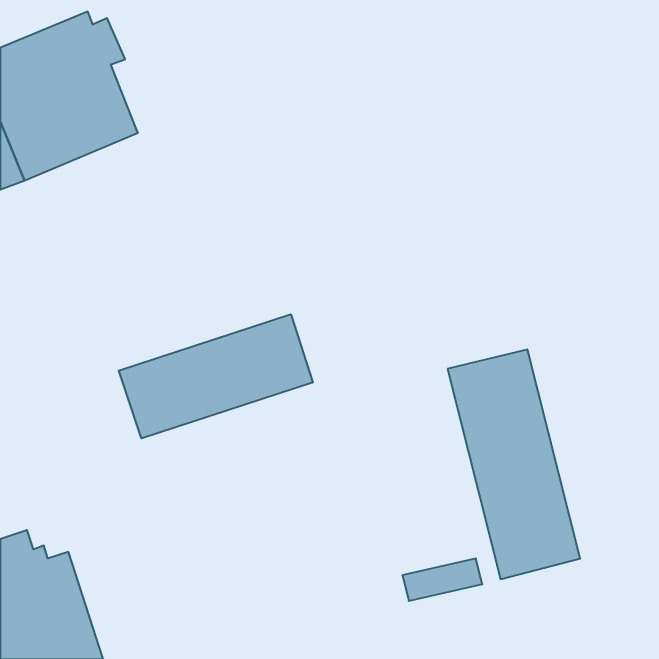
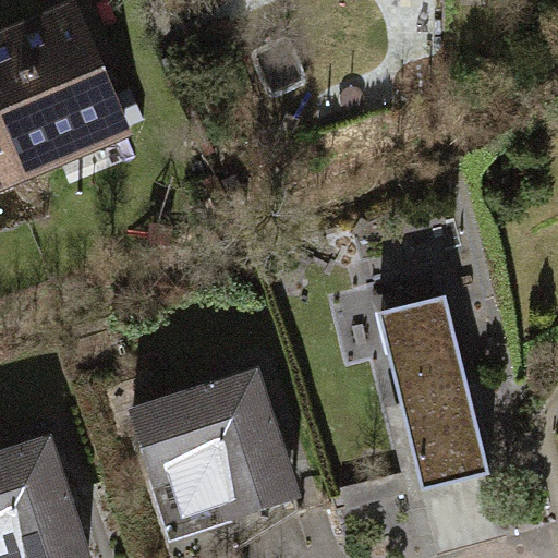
building: [119,314,313,438] -> none
building: none -> [133,380,296,534]

